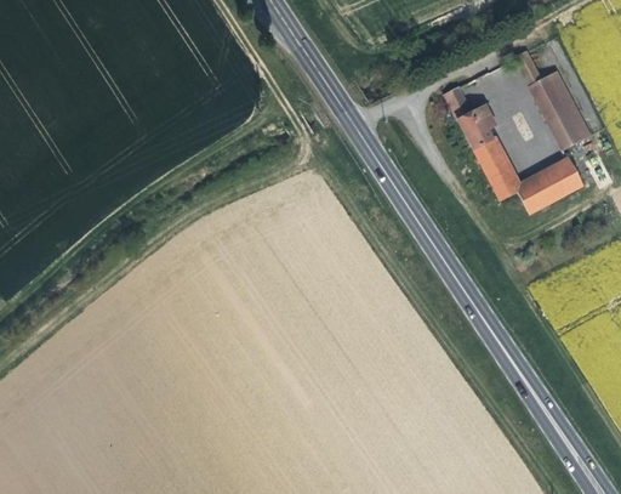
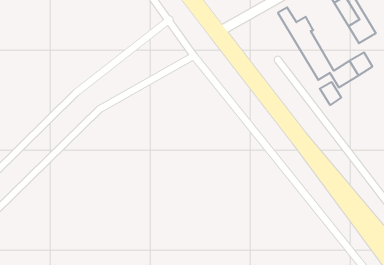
building: none -> [320,82,341,105]

